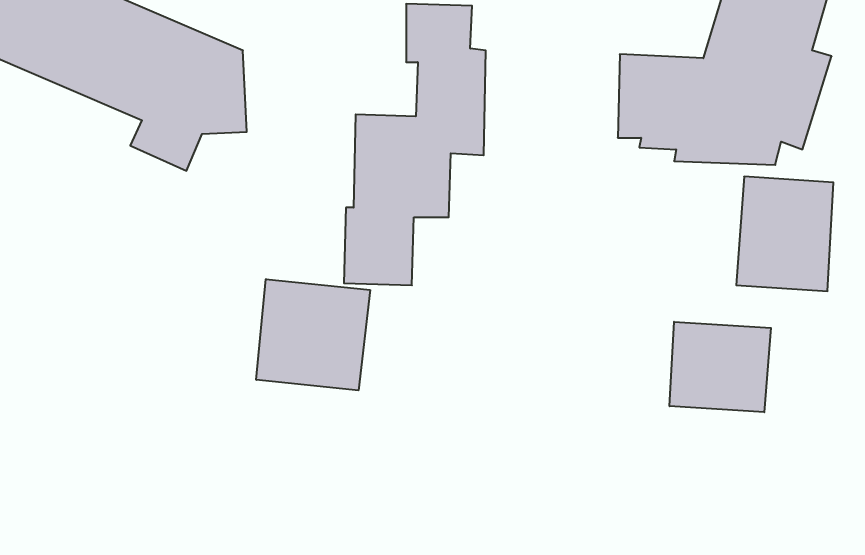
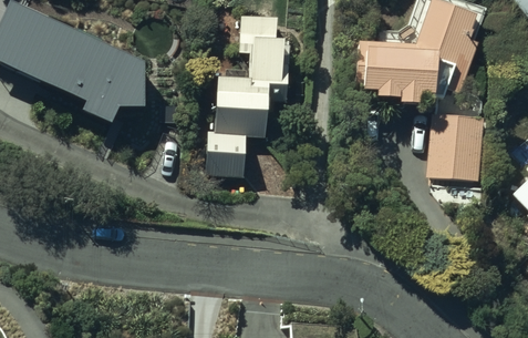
building: [256,279,370,390] -> none
building: [670,322,771,412] -> none

